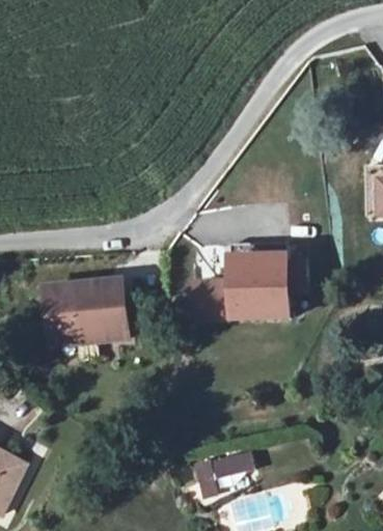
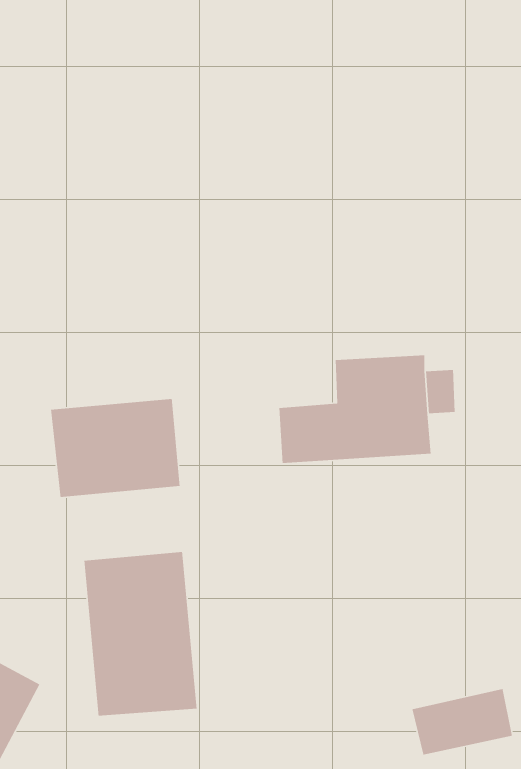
building: none -> [84,551,197,716]
building: [192,448,257,492] -> [412,688,513,756]

